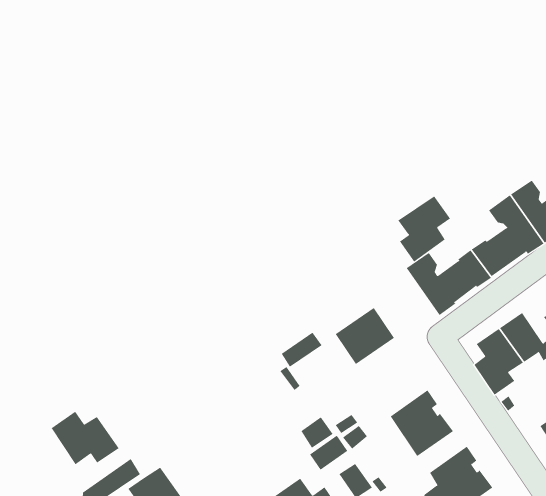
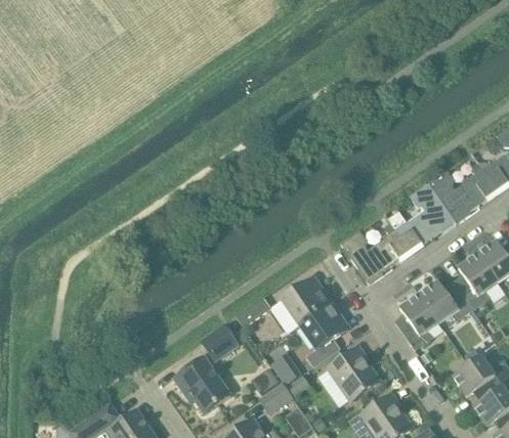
building: [398,195,451,262] -> none
building: none -> [298,302,348,366]
building: none -> [173,323,238,412]
building: [51,411,119,465] -> none

